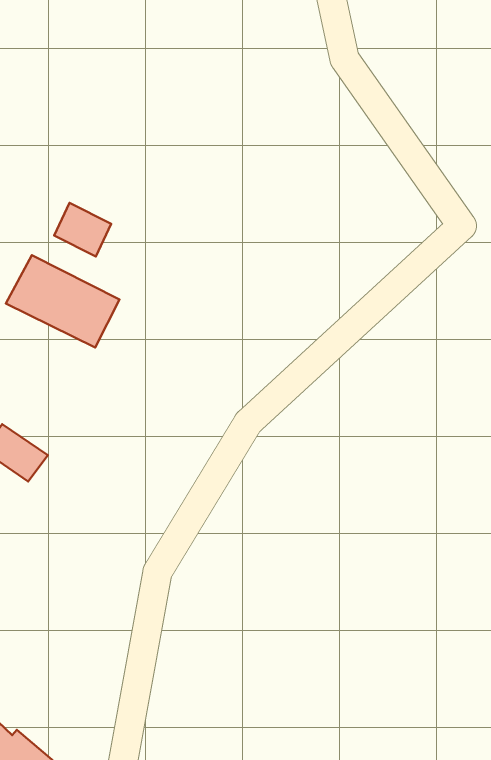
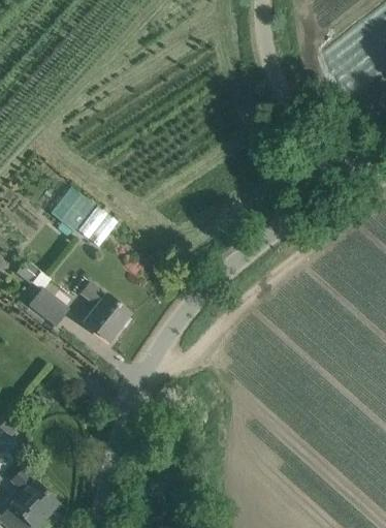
building: [54,203,111,256] -> none
building: none -> [83,283,130,341]

